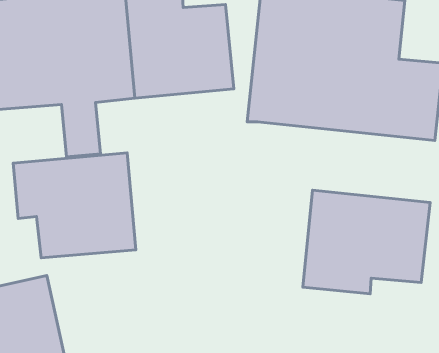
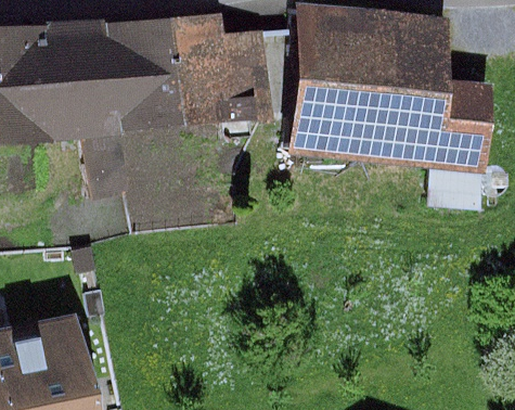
building: [13,153,136,258] -> none
building: [303,190,430,294] -> none

